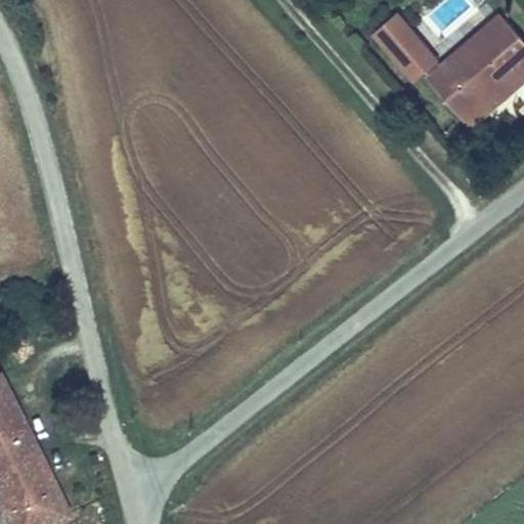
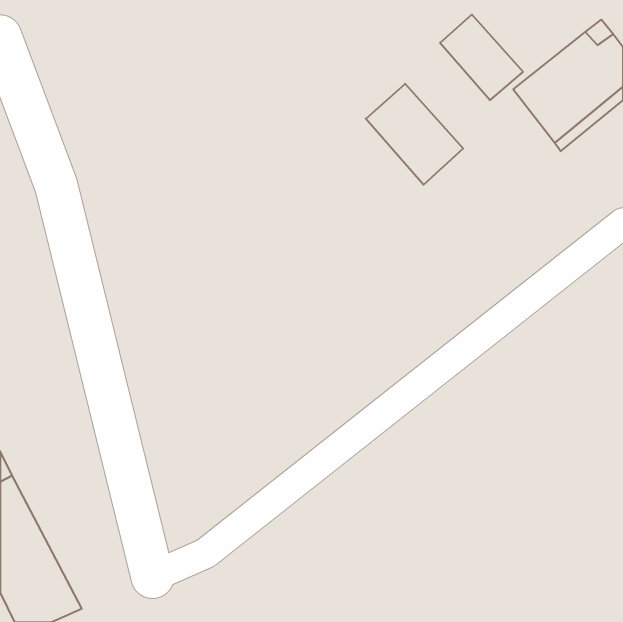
building: none -> [366,84,463,185]

